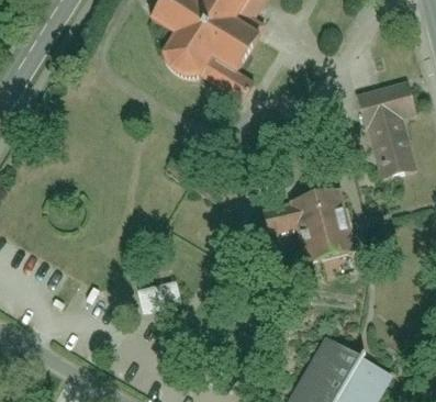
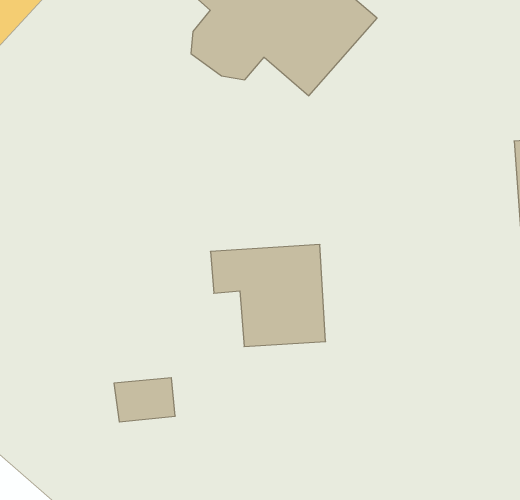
building: [276,190,359,264] -> [210,245,326,347]

